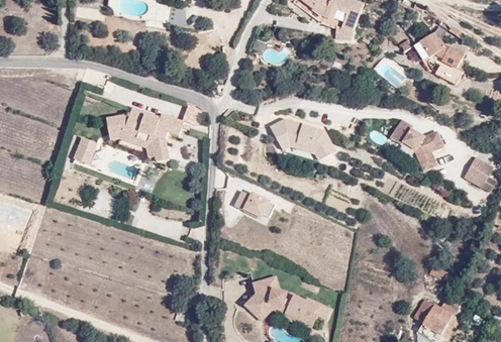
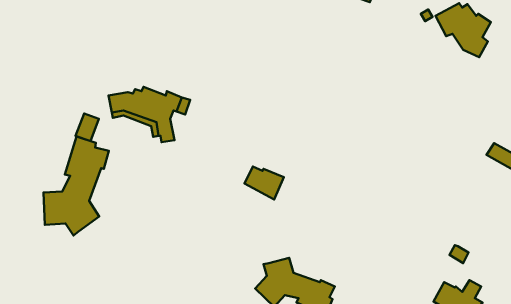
building: [270,117,337,161] -> none
building: [390,118,444,172] -> none
building: none -> [43,137,109,236]

